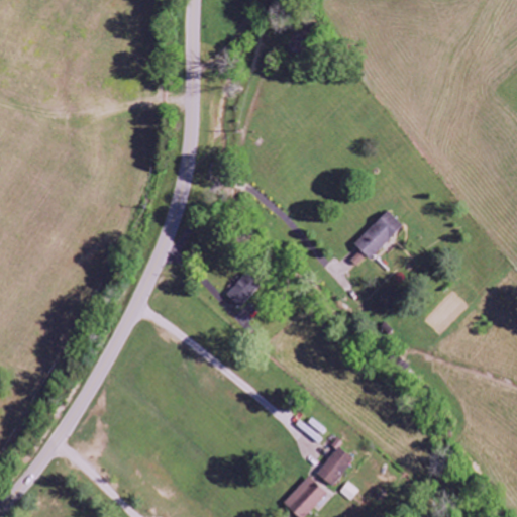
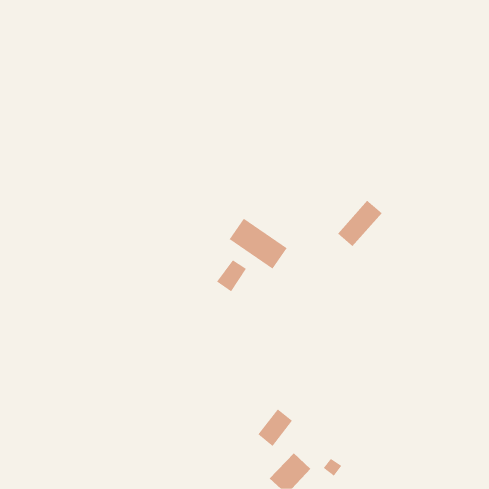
building: none -> [229,218,288,270]
building: [317,446,354,487] -> [257,408,293,447]

